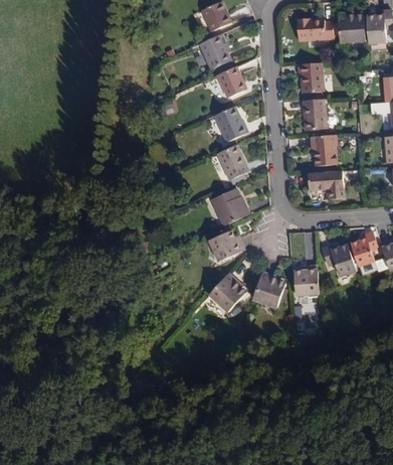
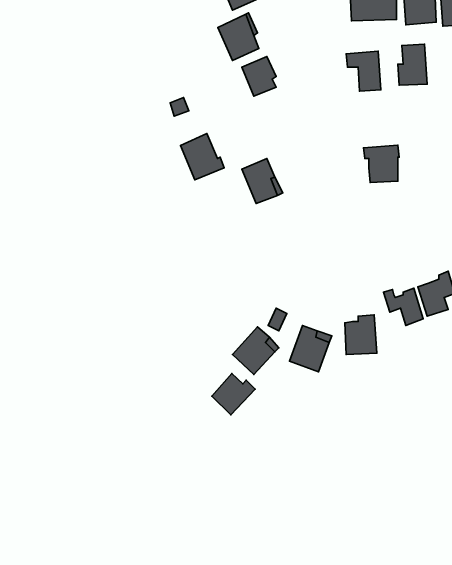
building: [303,100,325,131] -> [398,44,427,85]
building: [213,107,246,142] -> [180,133,224,180]
building: [307,171,343,200] -> none
building: [210,188,248,225] -> none
building: [208,229,244,261] -> none
building: none -> [212,373,255,415]

